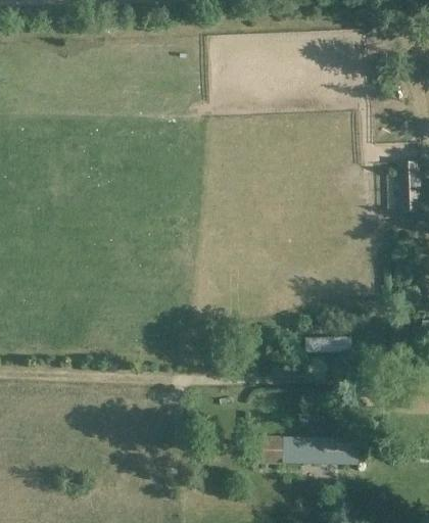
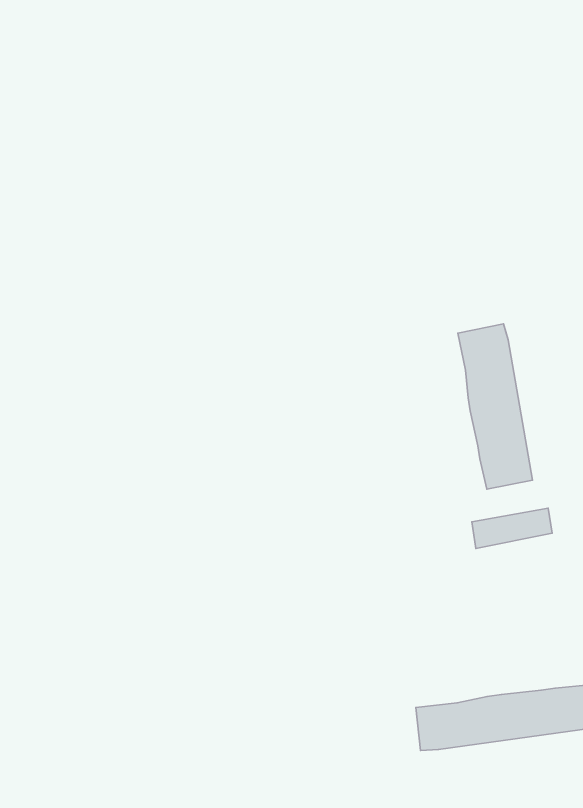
building: none -> [458,324,533,489]

